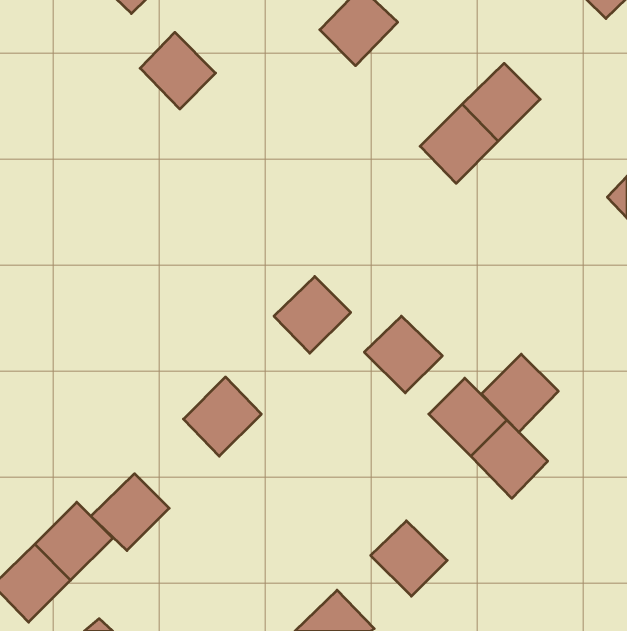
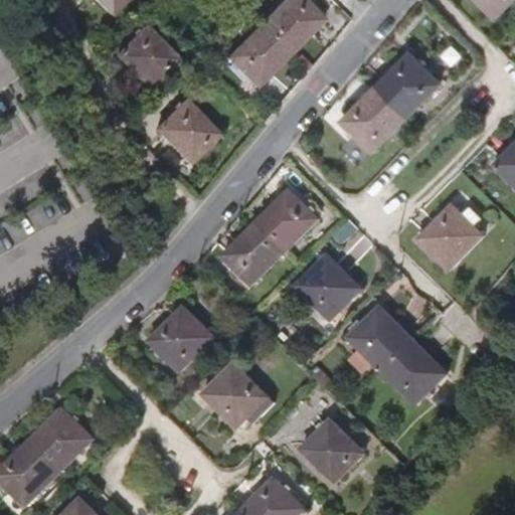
building: none -> [225,24,289,89]
building: none -> [151,99,213,161]
building: none -> [255,190,319,253]
building: [482,354,558,432] -> [418,204,481,268]
building: none -> [202,364,272,427]
building: [91,474,169,551] -> none

